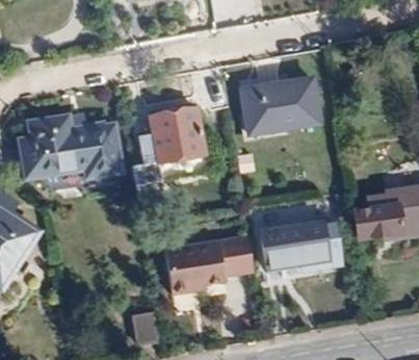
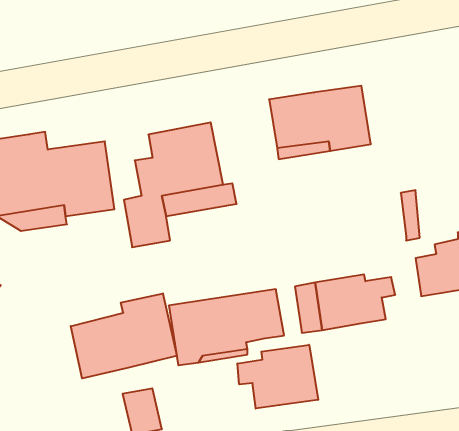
building: none -> [71,293,177,378]
building: none -> [237,345,318,409]

